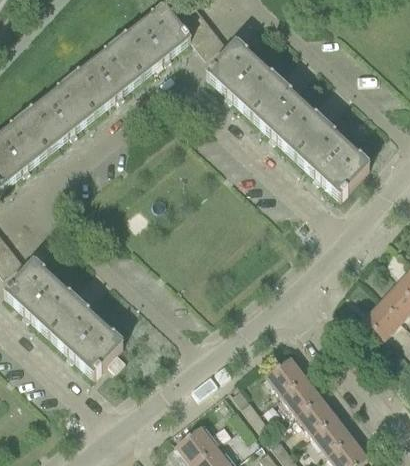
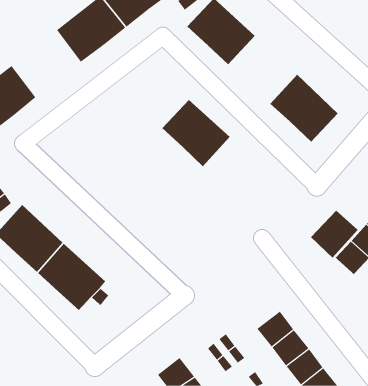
building: [22,76,95,147] -> none
building: [251,82,324,154] -> [161,99,230,167]
building: none -> [310,210,358,258]
building: [266,353,306,392] -> none

